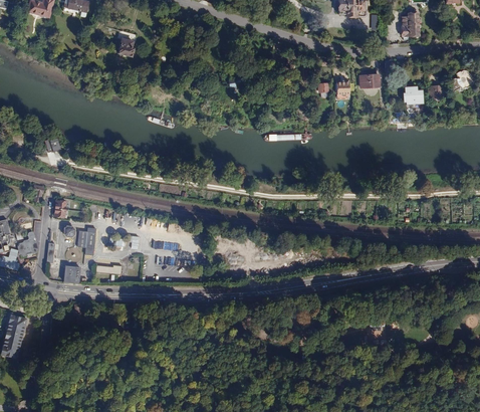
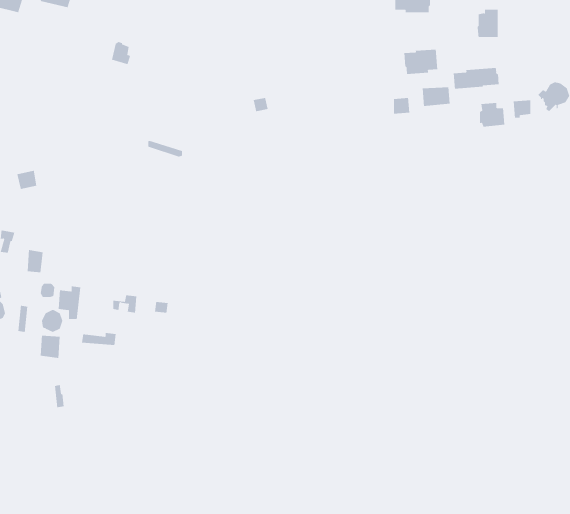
building: none -> [404,49,438,75]
building: none -> [453,67,499,89]

